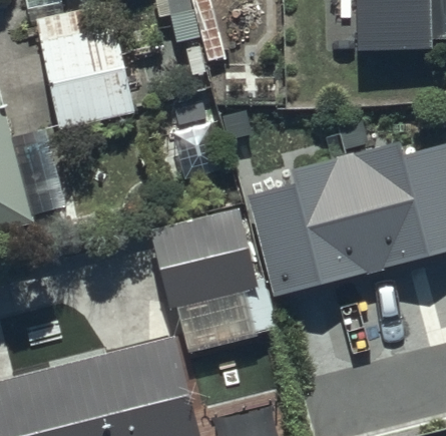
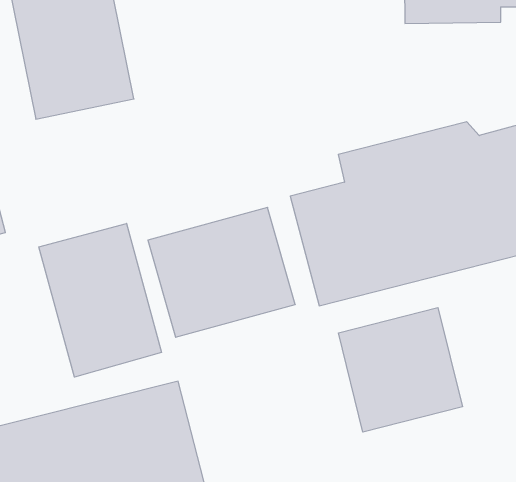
building: none -> [39,223,162,377]
building: none -> [339,308,462,432]

